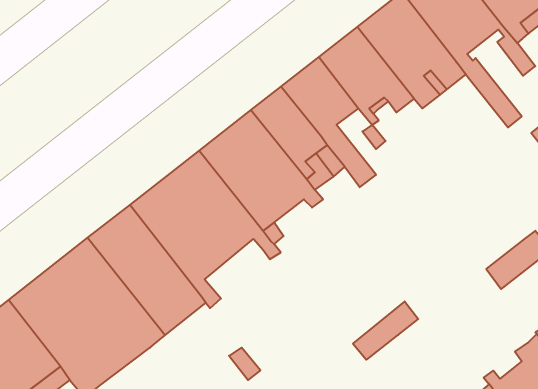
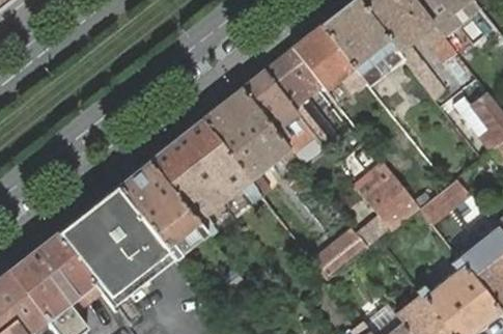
building: none -> [359,164,420,231]

